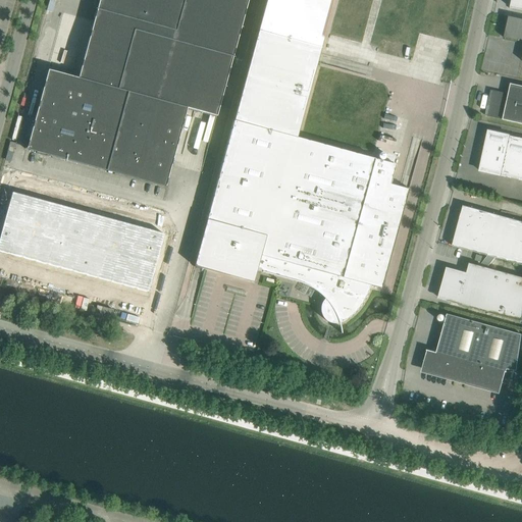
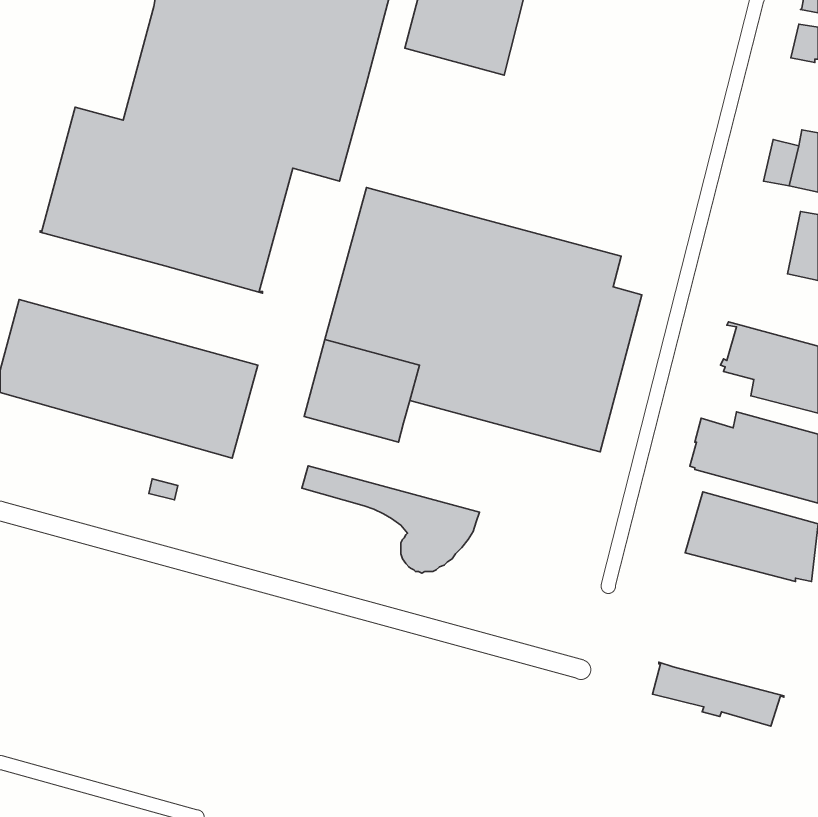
building: [233,31,321,137] -> none
building: [480,130,510,174] -> none
building: [257,255,370,323] -> [302,466,479,573]
building: [423,349,507,389] -> [653,662,784,726]

